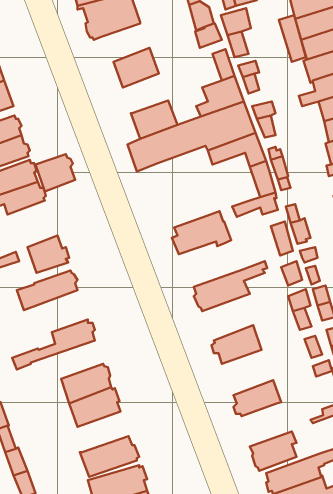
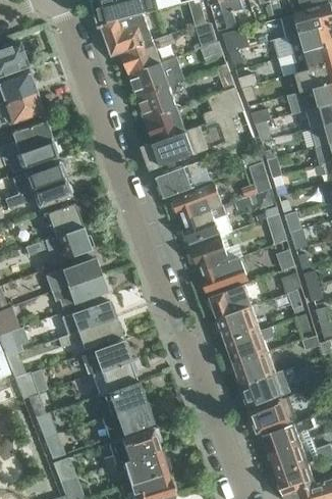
building: none -> [121,34,175,74]
building: none -> [139,85,178,119]
building: [36,154,75,191] -> [47,204,81,237]
building: none -> [158,161,204,198]
building: none -> [172,189,212,219]
building: none -> [191,234,243,271]
building: none -> [52,275,106,308]
building: none -> [208,281,263,318]
building: none -> [58,318,122,347]
building: none -> [227,330,270,366]
building: none -> [240,373,284,407]
building: none -> [96,381,145,416]

